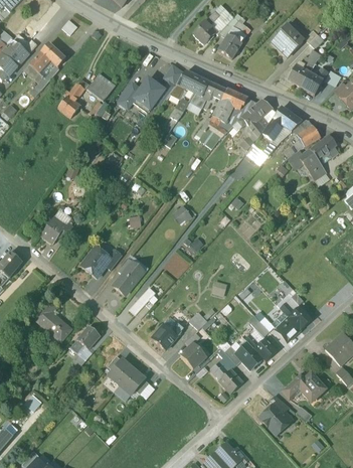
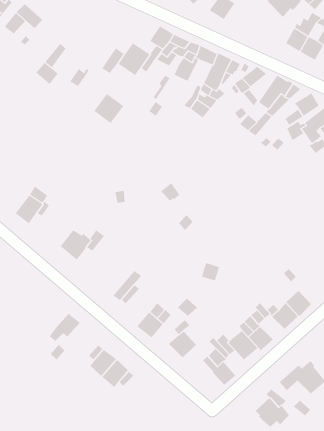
building: [86,72,115,101] -> [93,93,124,124]
building: [114,258,141,295] -> none
building: [33,299,71,341] -> none

